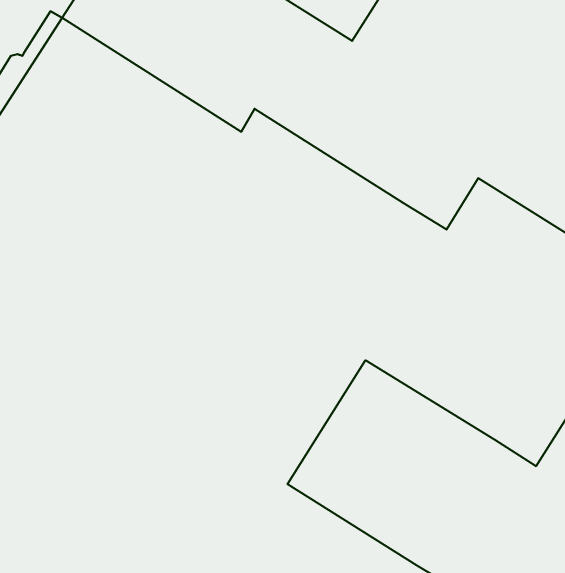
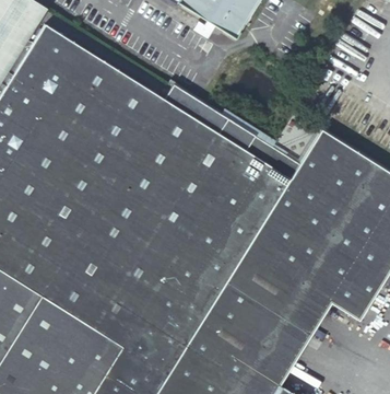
building: none -> [193,251,330,386]

